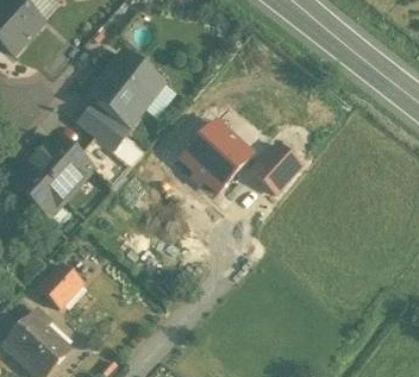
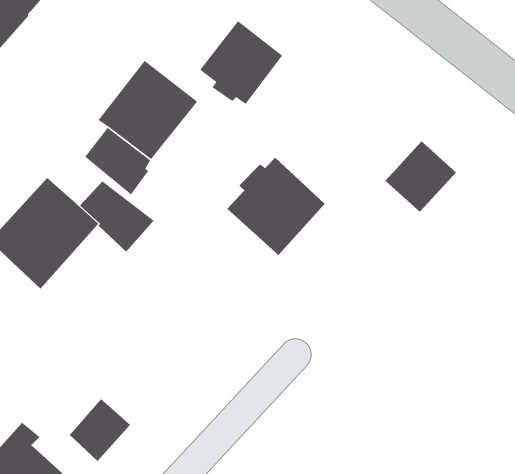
building: none -> [199,20,283,105]
building: [251,142,302,193] -> [385,141,457,213]
building: [39,262,83,307] -> [69,398,131,462]

